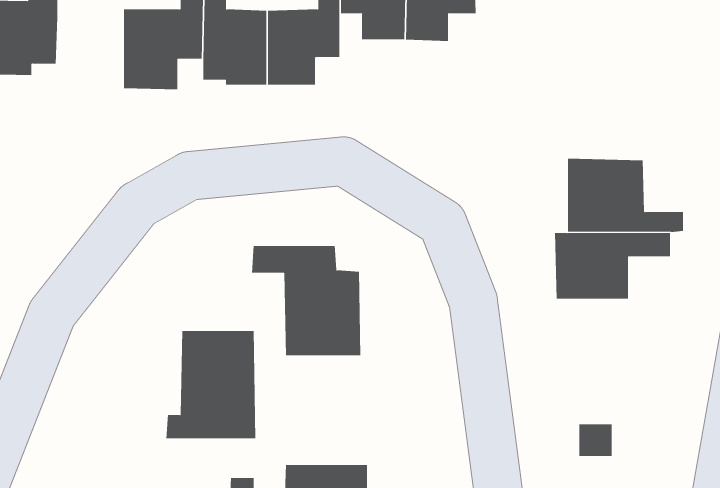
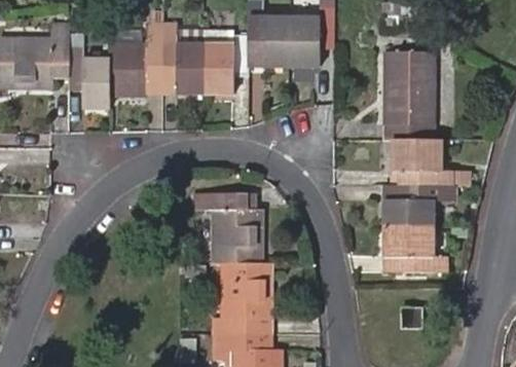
building: none -> [69,48,111,106]
building: none -> [384,50,433,139]
building: none -> [384,227,442,271]
building: [165,330,256,439] -> [213,263,270,332]

